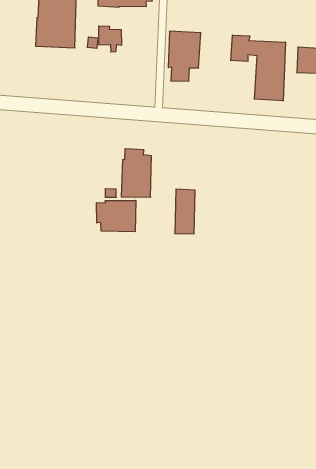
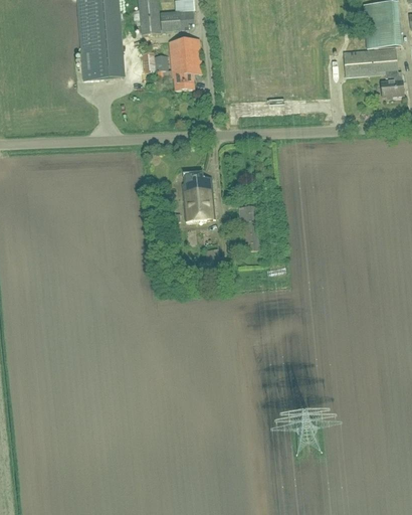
building: [168,31,201,81] -> [168,38,201,90]
building: [231,35,285,101] -> none
building: [96,200,136,232] -> none

